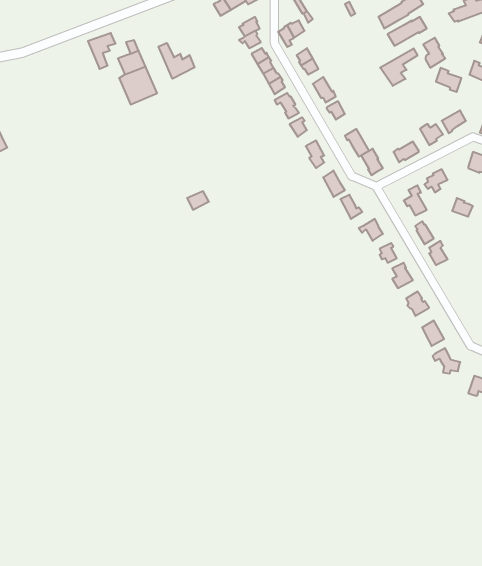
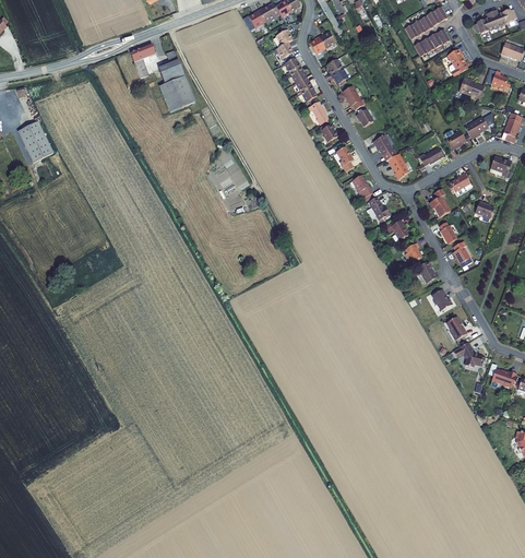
building: [159,43,195,79] -> none
building: [380,48,417,86] -> none

